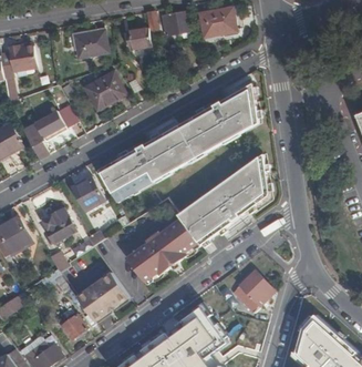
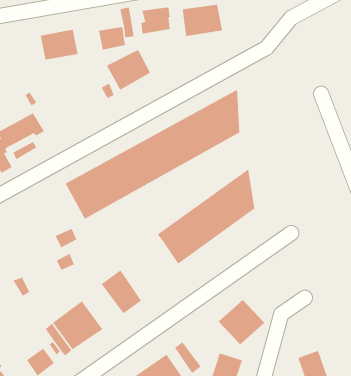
building: [85,73,125,110] -> [106,49,151,90]
building: [71,177,105,213] -> none
building: [46,210,75,243] -> none
building: [145,220,200,273] -> none

